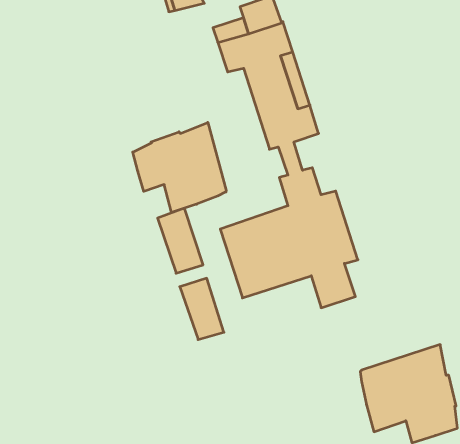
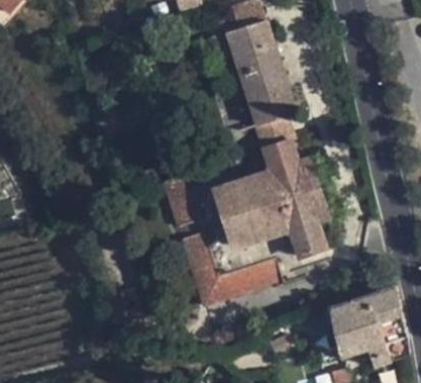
building: [133,122,226,213] -> none
building: none -> [196,257,283,306]

